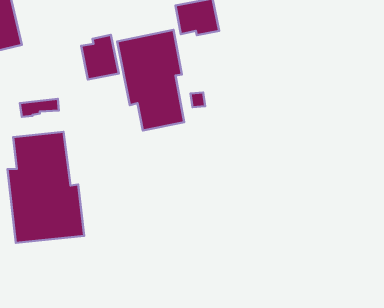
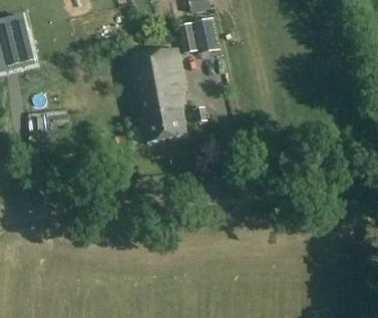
building: [81,35,119,80] -> none
building: [8,132,84,243] -> none

